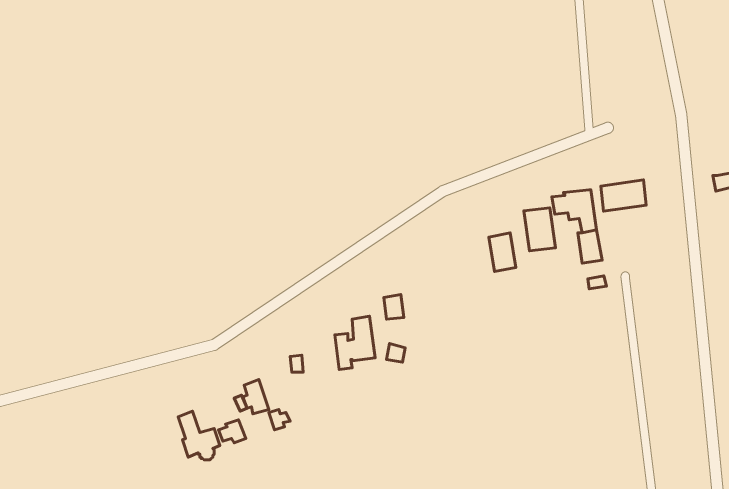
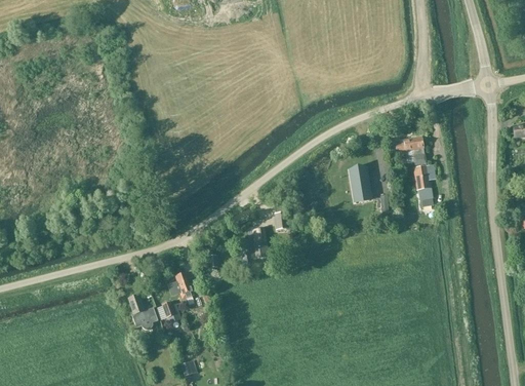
building: [601,180,646,211] -> none
building: [524,208,555,251] -> none

